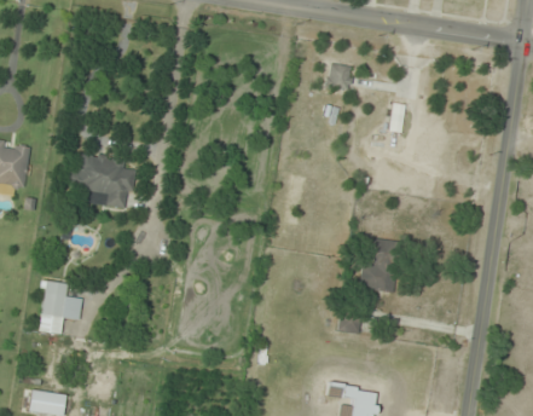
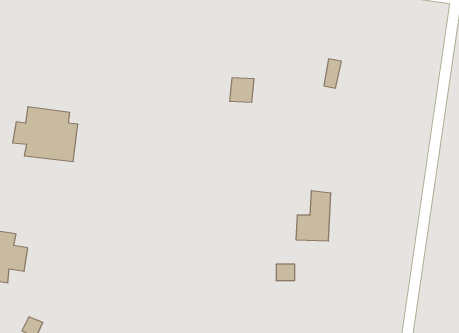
building: [326,63,352,88] -> [230,78,254,102]

